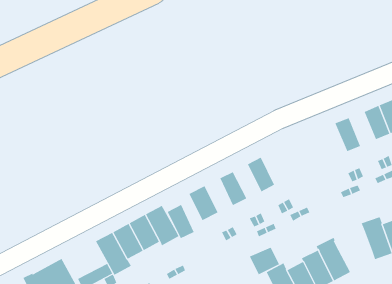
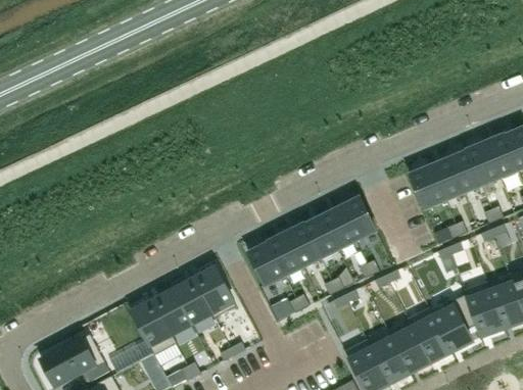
building: none -> [448,151,481,194]
building: none -> [409,165,445,210]
building: none -> [338,197,376,242]
building: none -> [303,216,338,259]
building: [167,204,195,239] -> [268,234,302,277]
building: none -> [430,295,476,351]
building: [249,247,280,275] -> none

